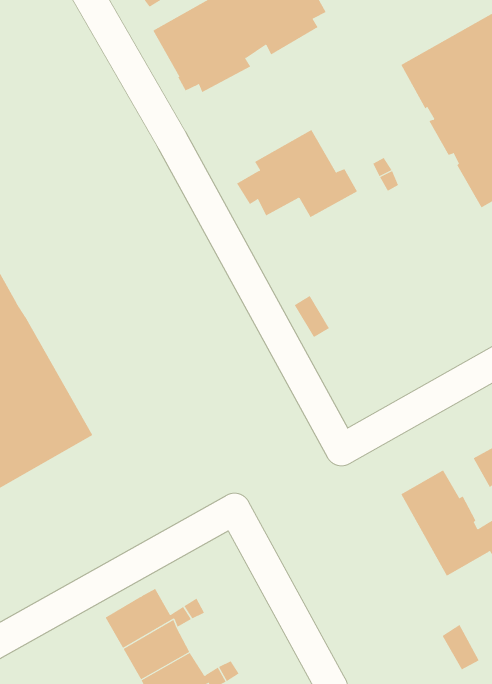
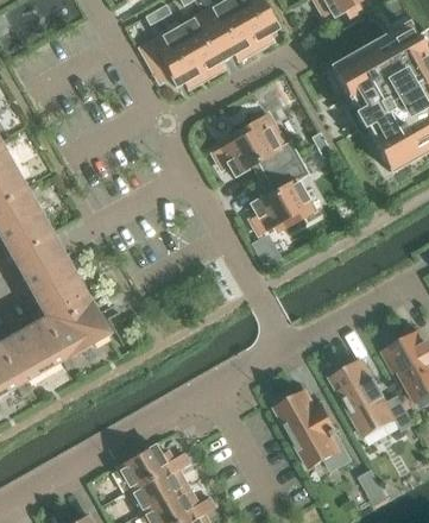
building: none -> [250,158,313,234]
building: none -> [275,390,340,468]

